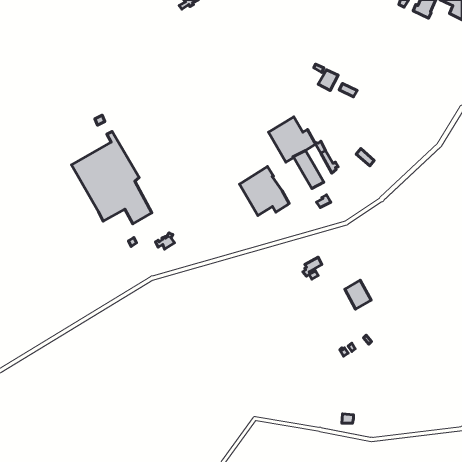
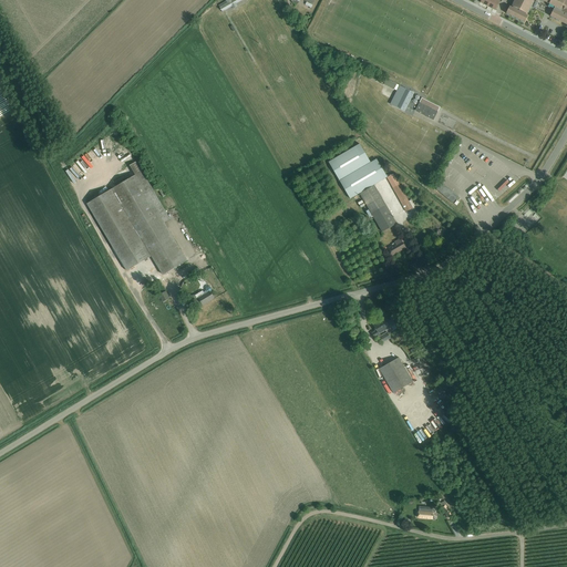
building: [240,166,289,216] -> none
building: [345,280,371,309] -> [380,357,412,392]

